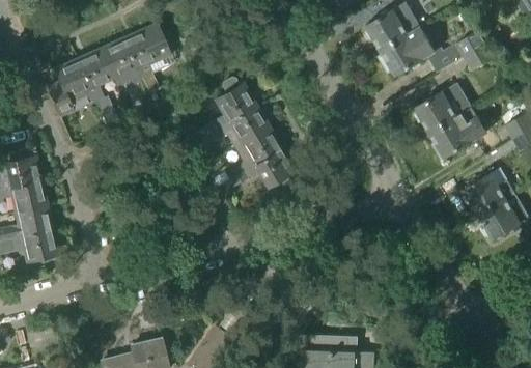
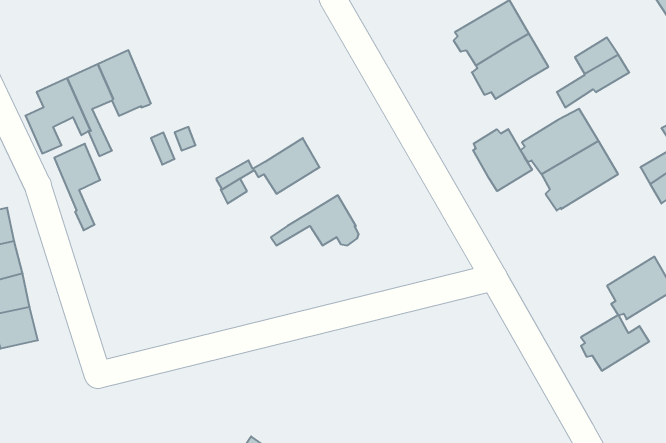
building: [123,28,158,92] -> [54,144,100,230]
building: [212,82,253,121] -> none
building: none -> [473,129,532,191]
building: [225,125,279,177] -> none
building: [464,172,514,214] -> [581,315,649,371]

